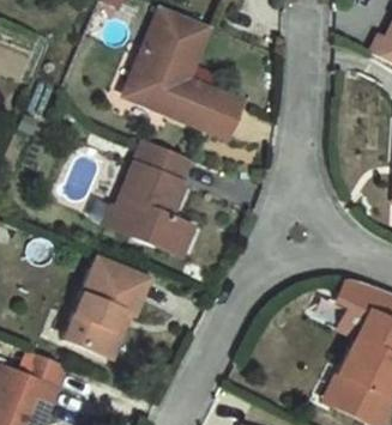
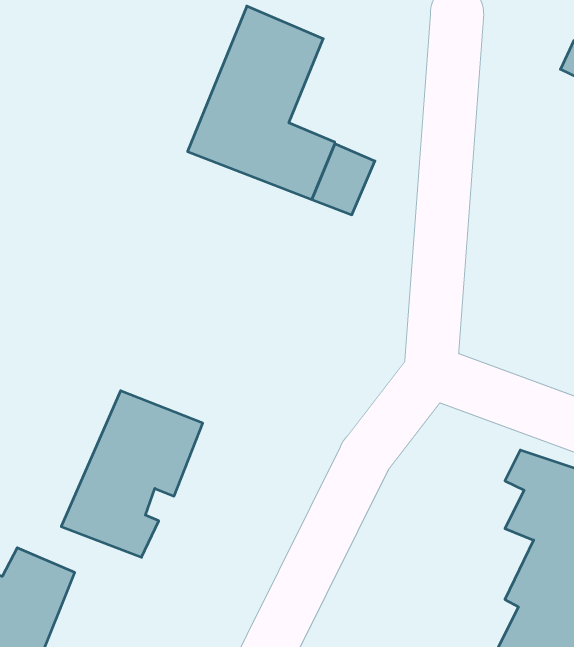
building: [105,145,193,255] -> none

